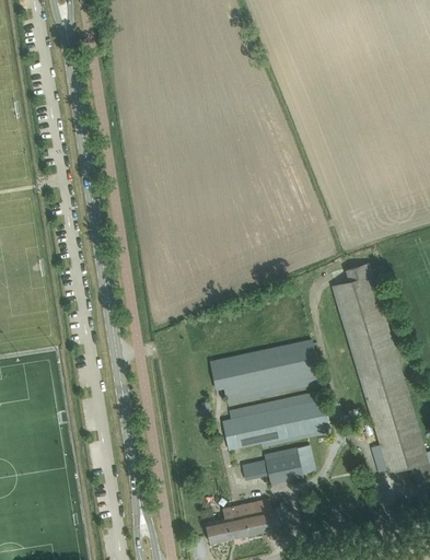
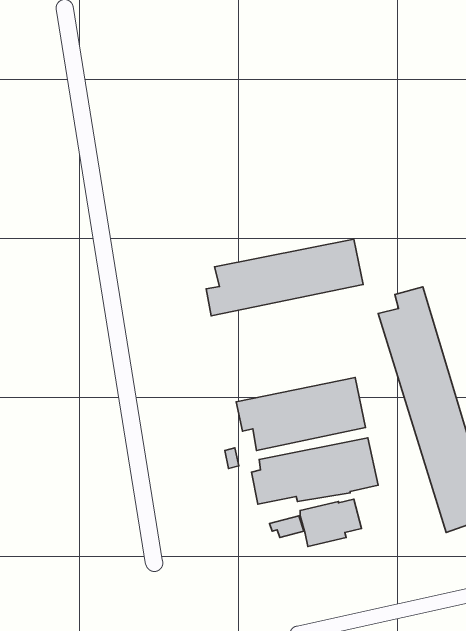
building: none -> [206,239,363,316]
building: [205,498,289,542] -> none

